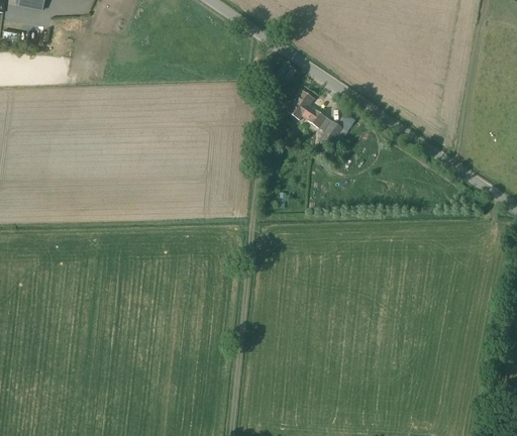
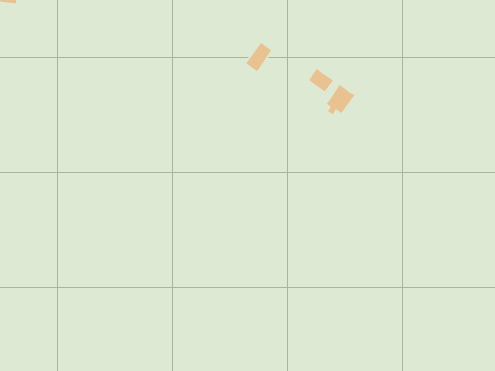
building: [287,88,313,117] -> [245,42,272,72]

